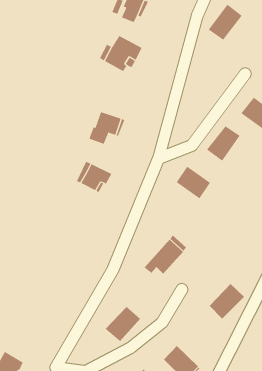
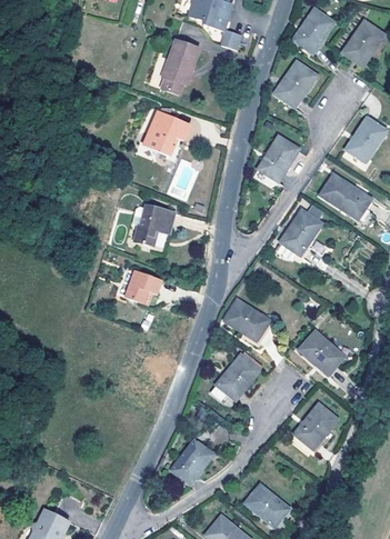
building: none -> [262,138,298,182]
building: [176,166,211,199] -> [226,300,269,340]
building: none -> [301,330,346,372]

